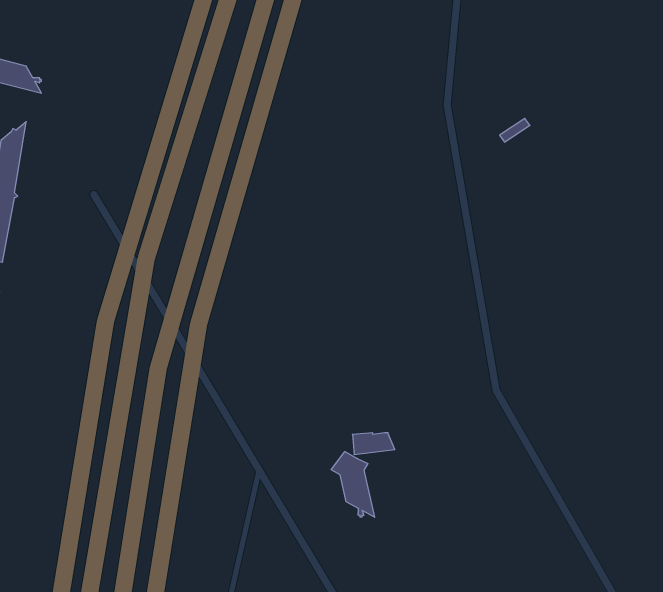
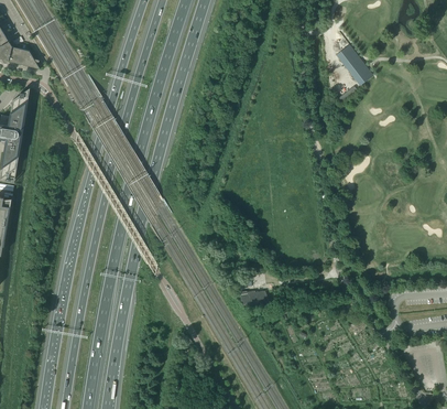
building: none -> [335,44,372,85]
building: [331,452,375,517] -> none

